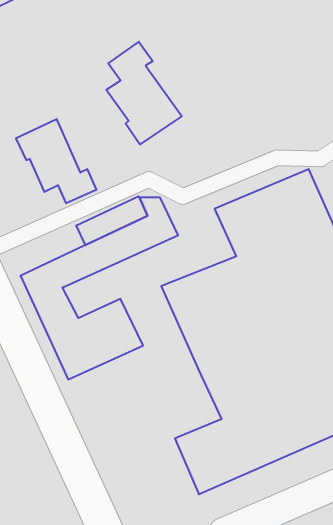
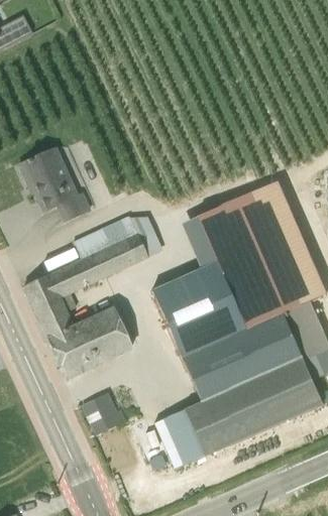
building: [106,42,182,144] -> none
building: none -> [80,391,124,433]

